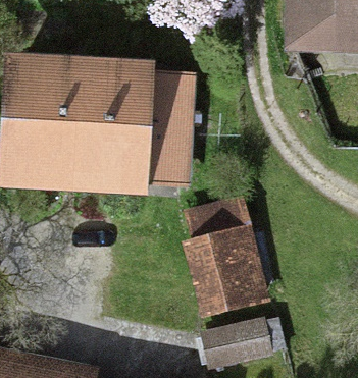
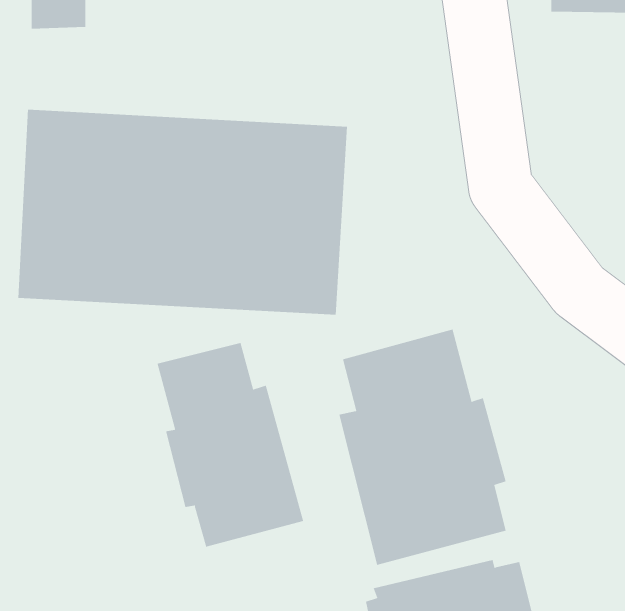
building: none -> [157,342,304,548]

